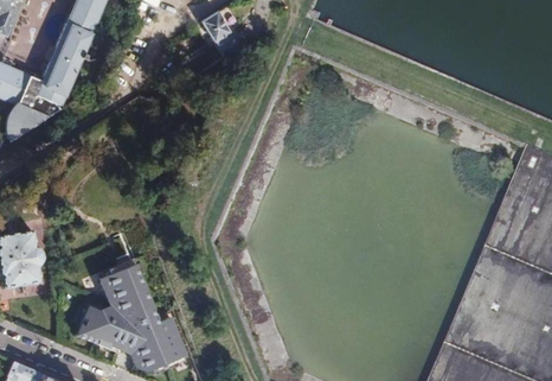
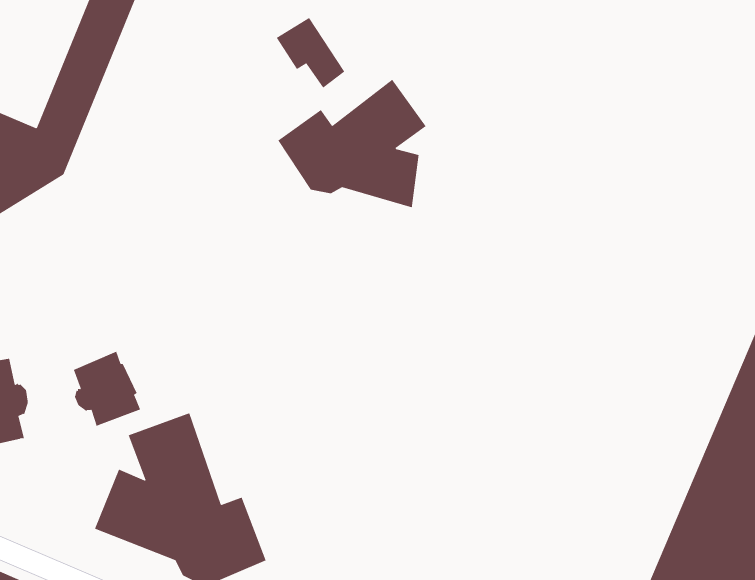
building: none -> [278,79,426,208]
building: none -> [73,351,141,427]

